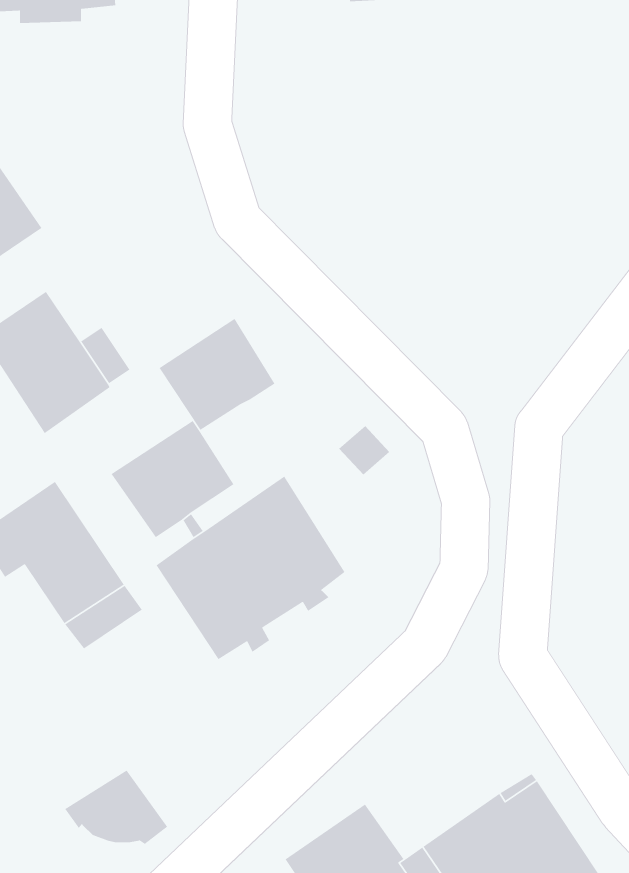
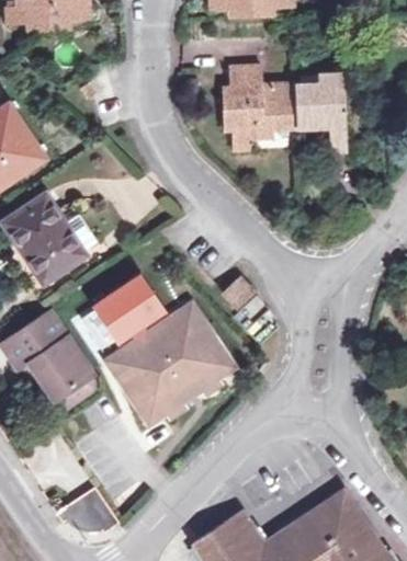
building: none -> [222,65,348,150]
building: [158,318,275,431] -> none

